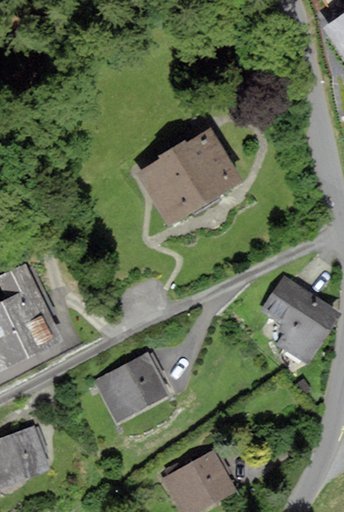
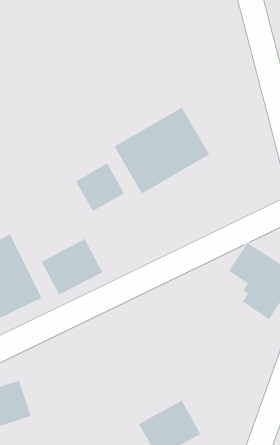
building: none -> [75,163,125,212]
building: [96,355,165,418] -> [41,238,103,295]

